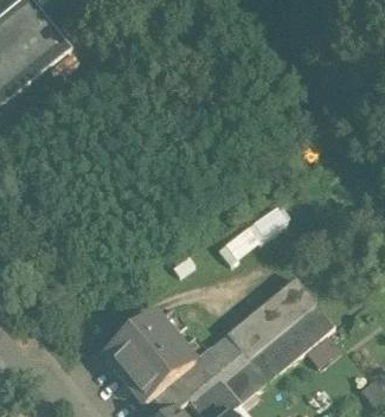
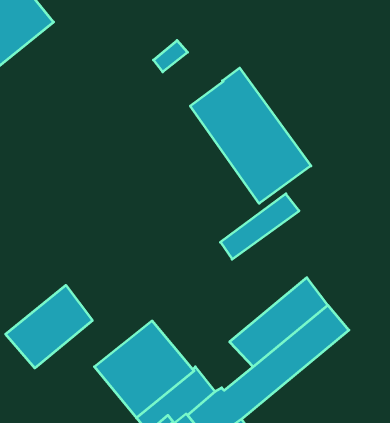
building: none -> [190,68,311,203]
building: none -> [6,285,92,368]
building: [197,333,249,379] -> none

